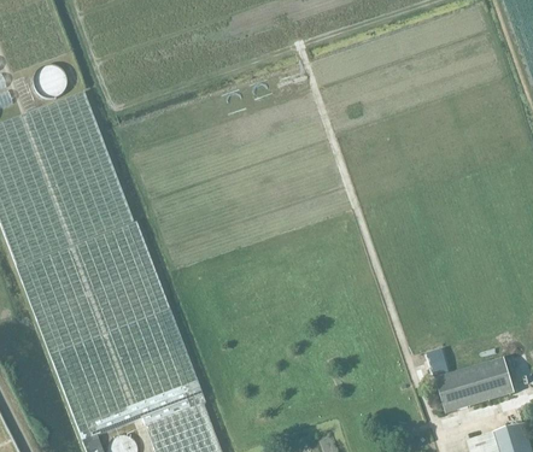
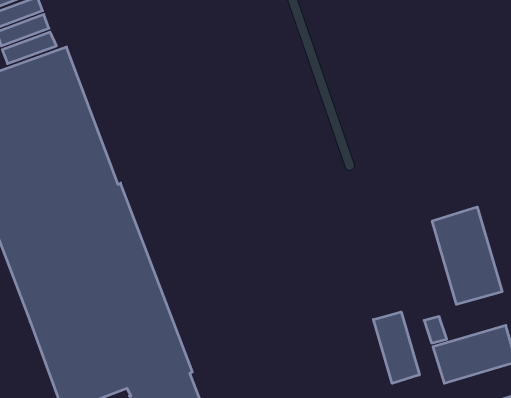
building: none -> [432,207,502,304]
building: none -> [373,312,419,383]

